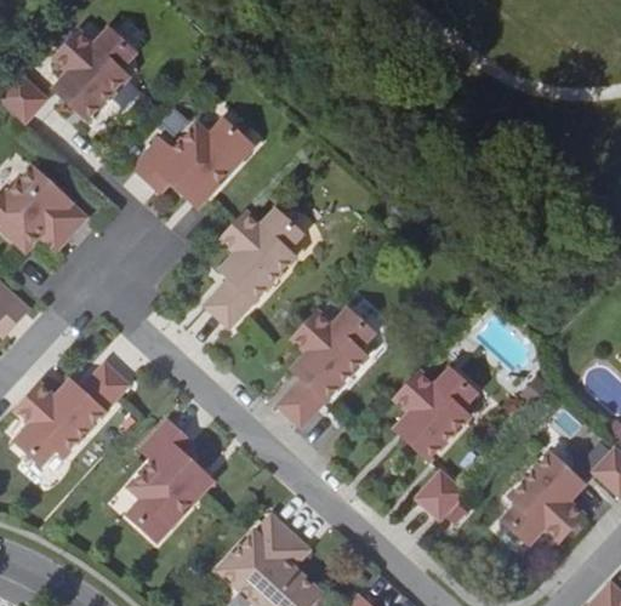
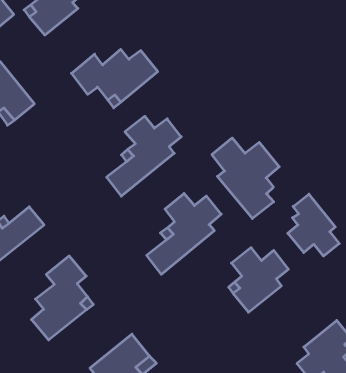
building: none -> [212,138,279,219]
building: none -> [288,194,339,256]
building: [417,471,468,521] -> none

